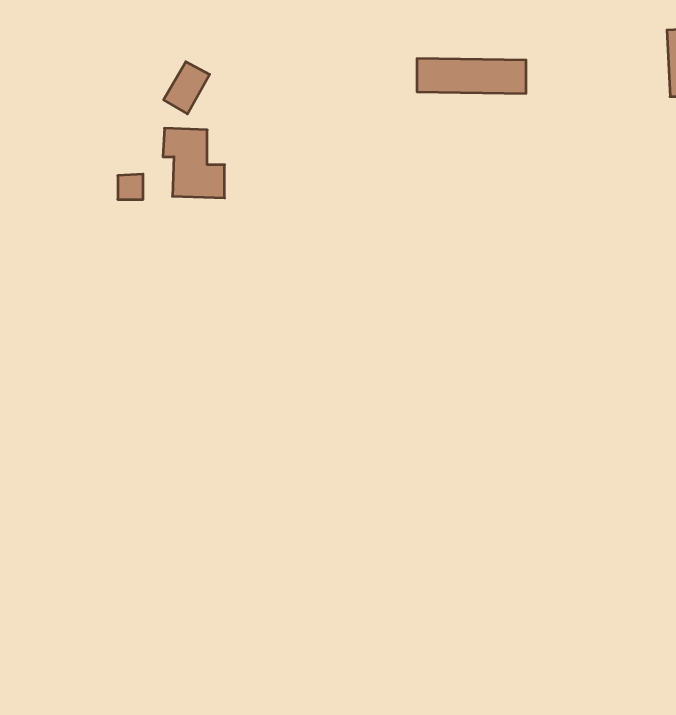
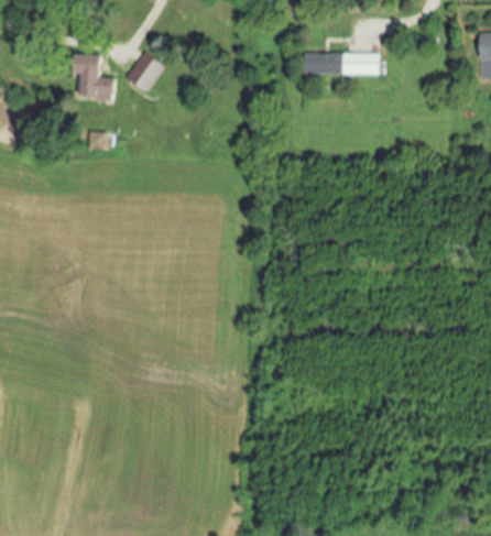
building: [163,128,225,198] -> [72,53,114,101]

